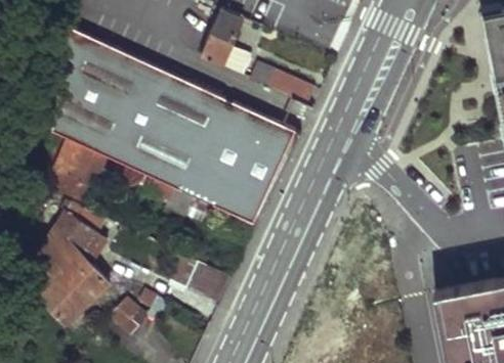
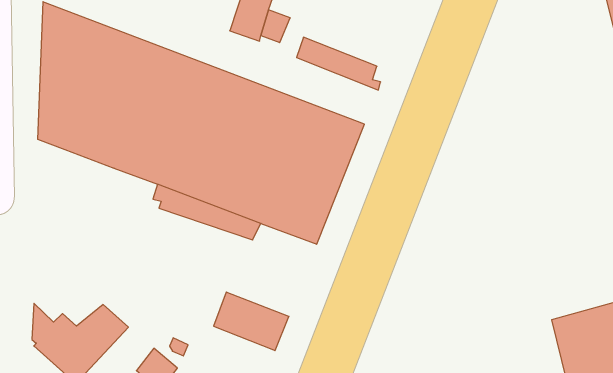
building: [48,139,107,201] -> none
building: [39,202,100,275] -> none

